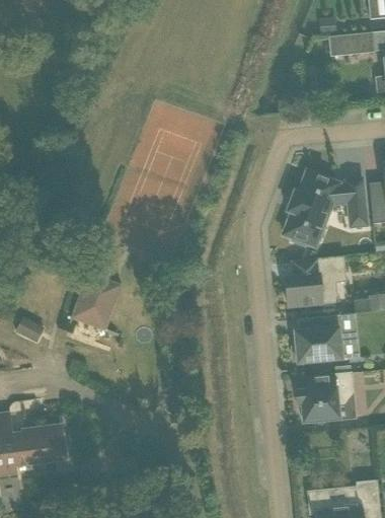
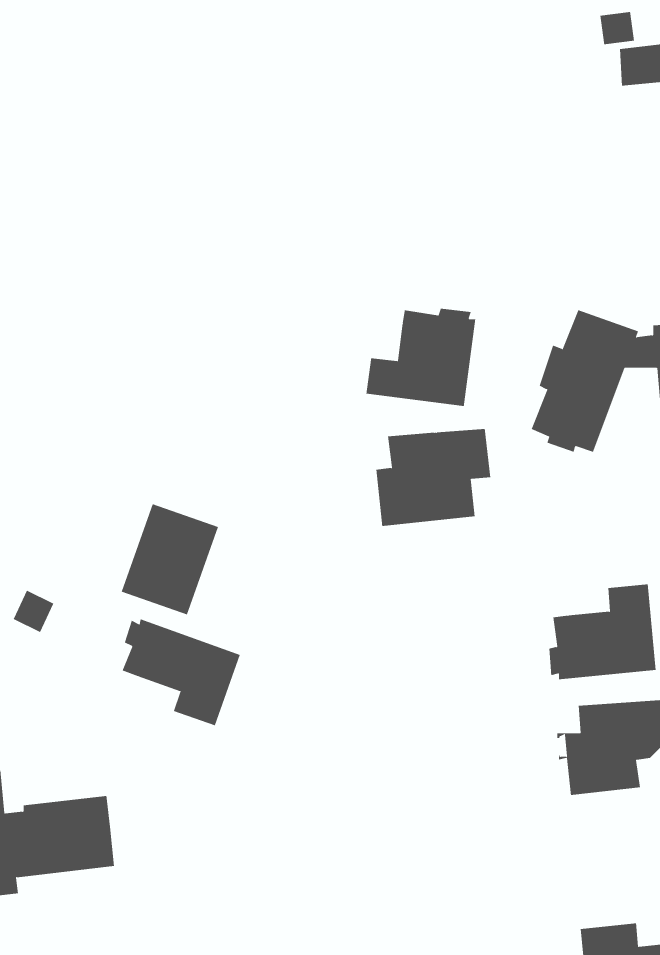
building: none -> [366,308,476,407]
building: [286,255,345,306] -> [375,428,491,526]
building: none -> [122,619,240,726]

